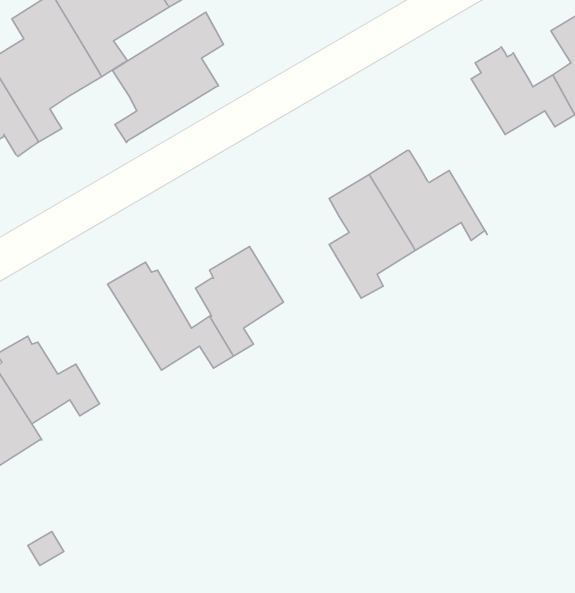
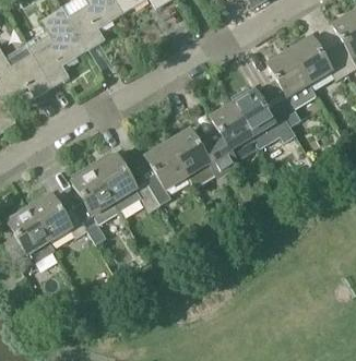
building: [113,12,224,143] -> none
building: none -> [268,51,316,136]
building: none -> [167,130,228,185]
building: none -> [71,164,119,229]

